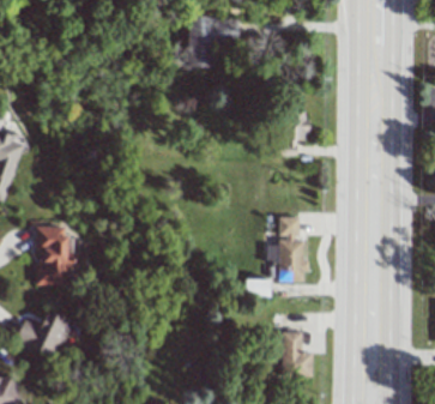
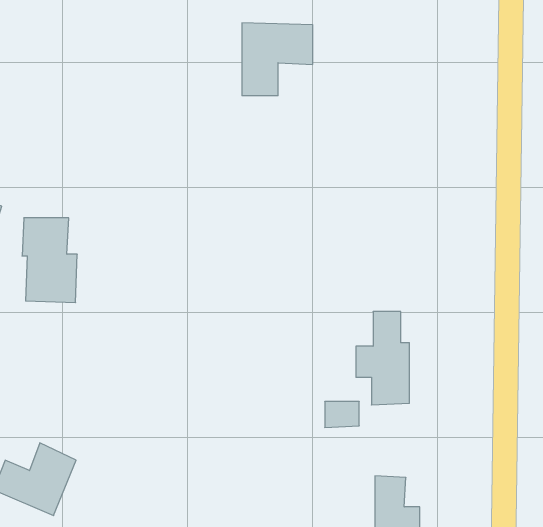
building: [34,227,72,285] -> [22,218,77,303]

